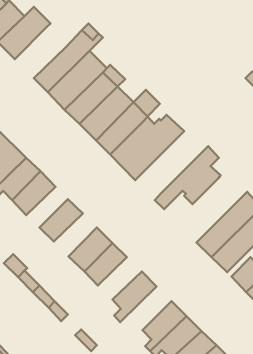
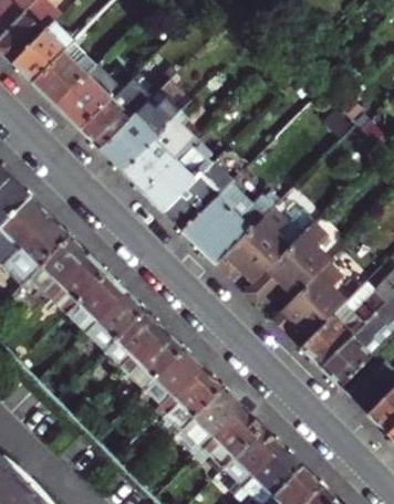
building: none -> [54,64,123,132]
building: none -> [215,210,312,285]
building: none -> [269,264,343,342]
building: none -> [70,276,125,330]
building: none -> [106,312,164,369]
building: none -> [165,370,224,427]
building: none -> [195,409,263,468]

